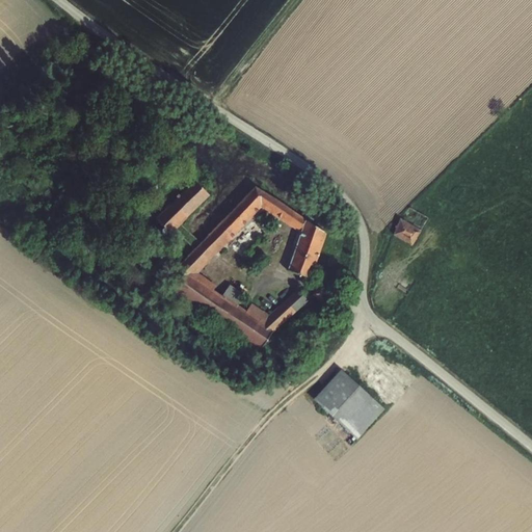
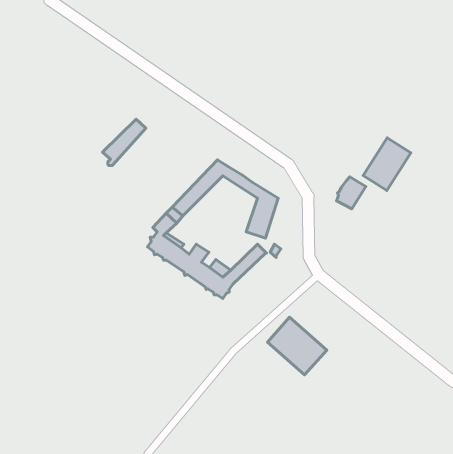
building: none -> [363,138,411,190]
building: [156,181,207,235] -> [102,119,146,165]

